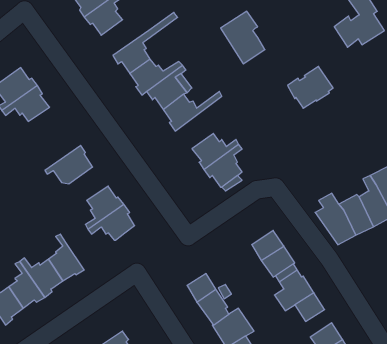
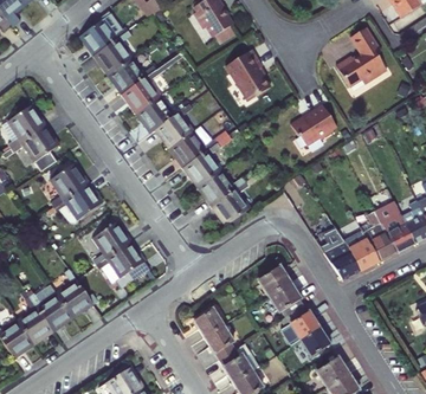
building: none -> [109,58,156,93]
building: none -> [182,134,232,186]
building: none -> [50,163,89,207]

